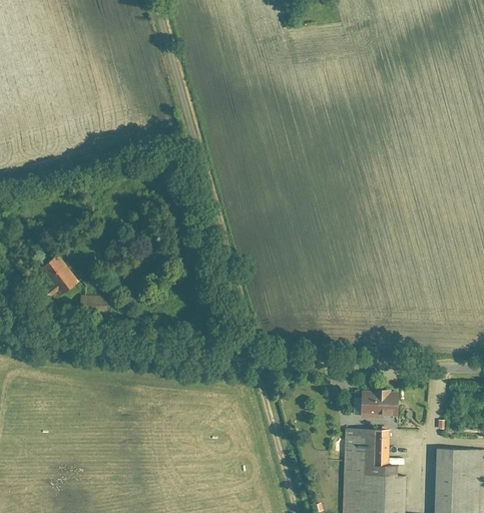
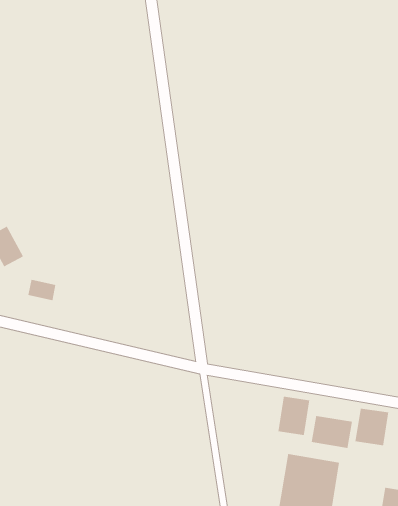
building: none -> [278,396,310,436]
building: none -> [355,408,389,446]

